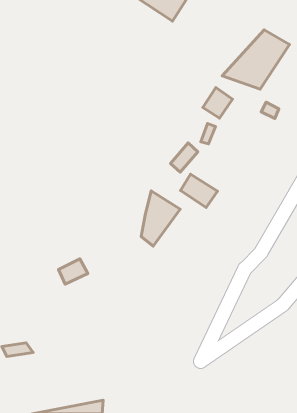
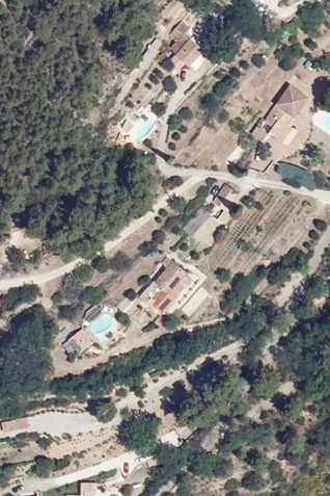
building: [203,88,232,118] -> none
building: [180,174,217,207] -> none

